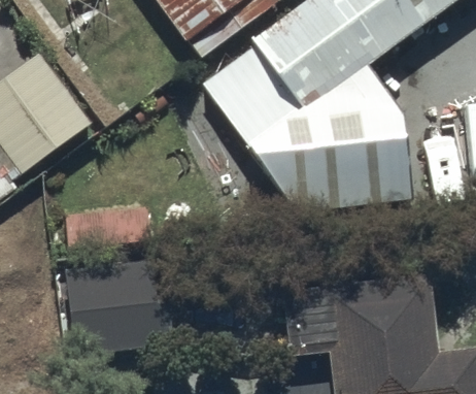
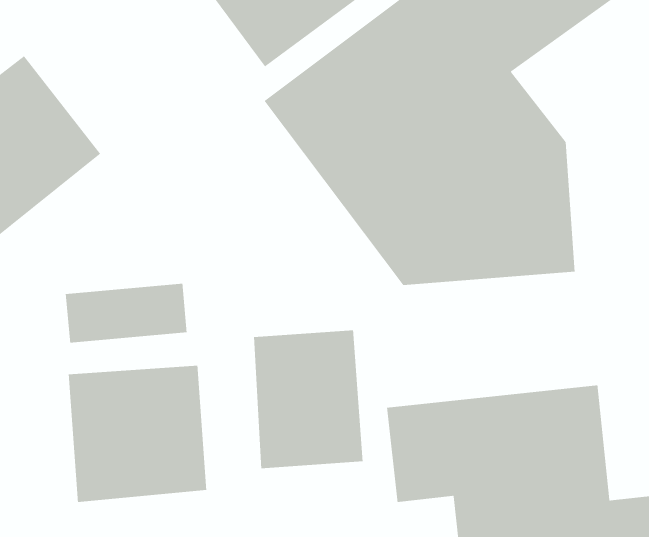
building: none -> [253,329,363,469]

